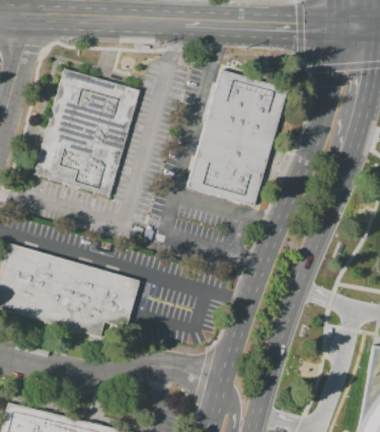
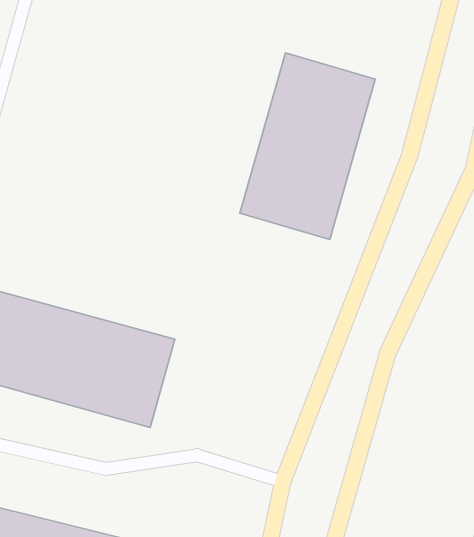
building: [34,68,141,196] -> none

